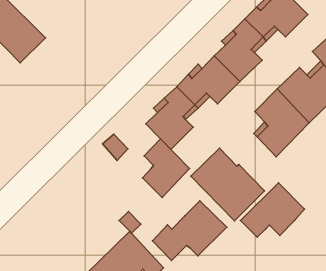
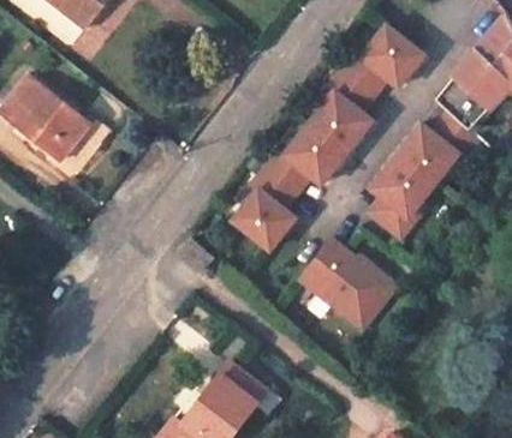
building: [142,139,189,197] -> none
building: [240,183,304,237] -> none
building: [152,201,227,260] -> none

